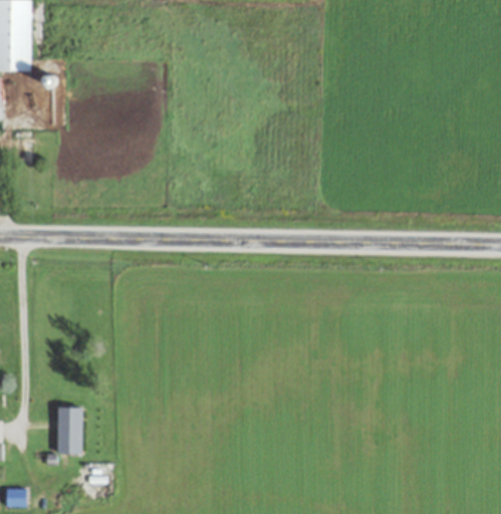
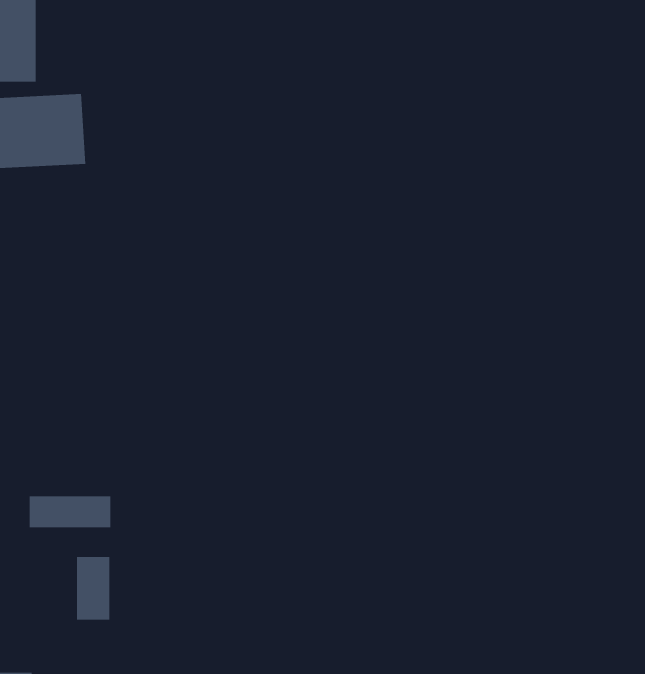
building: none -> [29,495,111,528]

